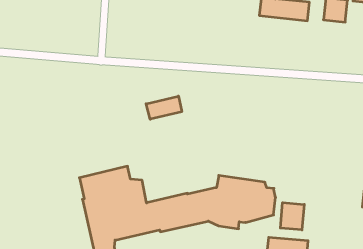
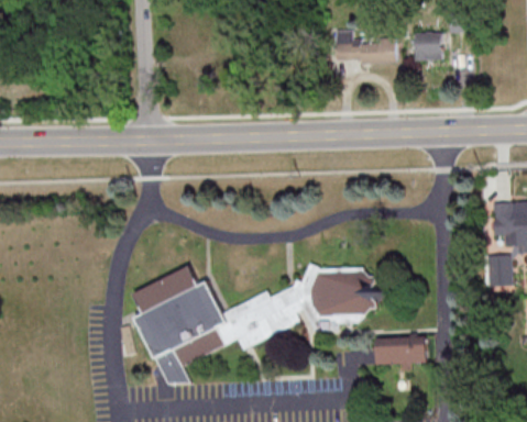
building: [146,96,182,119] -> none
building: [280,203,304,230] -> none

